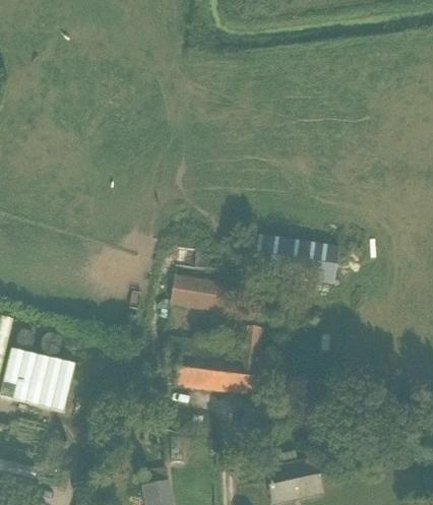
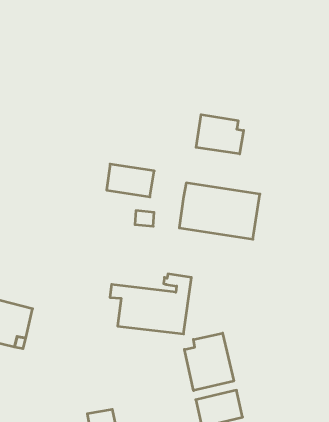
building: none -> [196,115,244,154]
building: [171,273,227,312] -> [107,164,154,197]
building: none -> [184,333,234,391]

